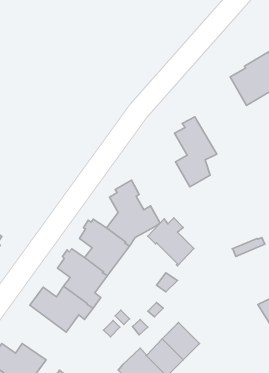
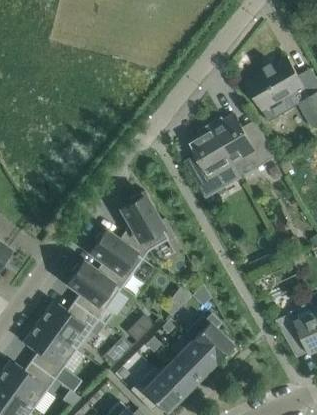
building: none -> [211,115,277,169]
building: [148,218,194,266] -> [185,314,233,364]
building: none -> [25,322,77,379]

